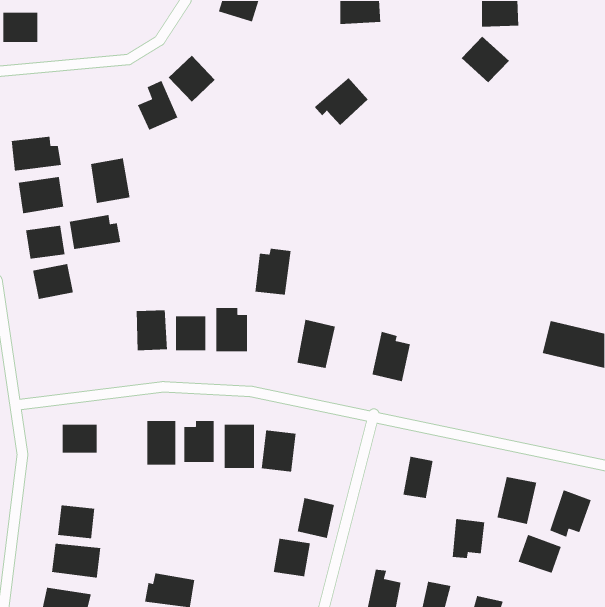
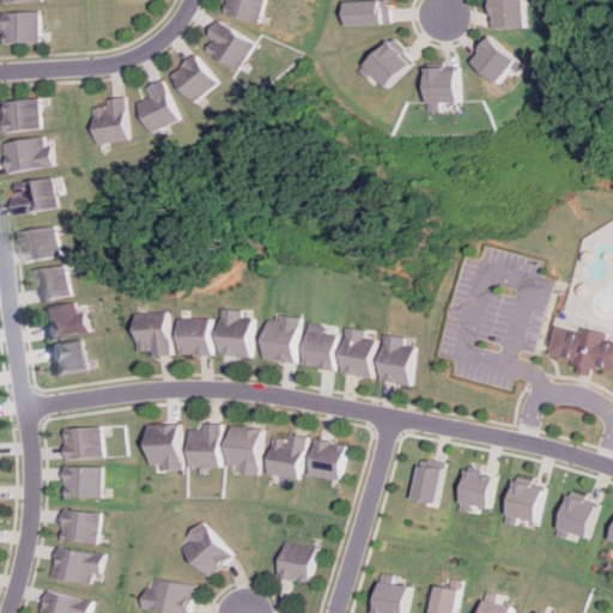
building: none -> [202,22,251,72]
building: none -> [419,68,450,110]
building: [314,77,369,126] -> [352,40,407,89]
building: none -> [5,98,45,135]
building: [90,158,131,204] -> [93,99,134,146]
building: [69,214,121,250] -> [38,303,91,339]
building: [255,248,291,296] -> [261,316,298,364]
building: none -> [334,327,374,378]
building: none -> [48,339,87,375]
building: none -> [62,466,97,496]
building: [297,497,335,539] -> [302,438,340,480]
building: [452,518,485,559] -> [454,472,487,512]
building: none -> [178,523,231,576]
building: [517,534,562,574] -> none

